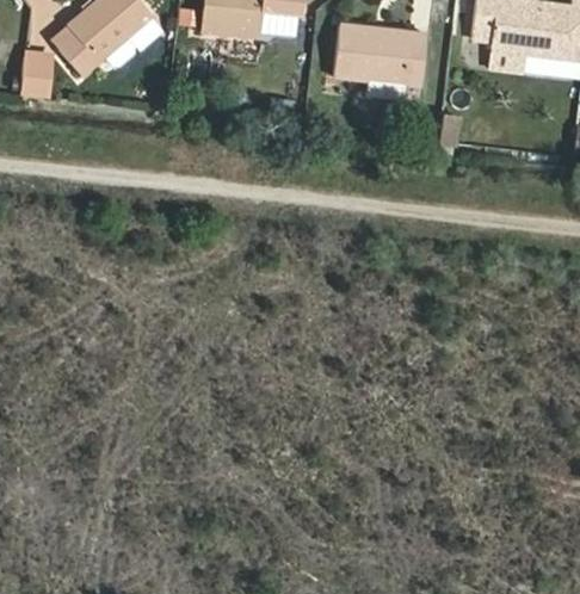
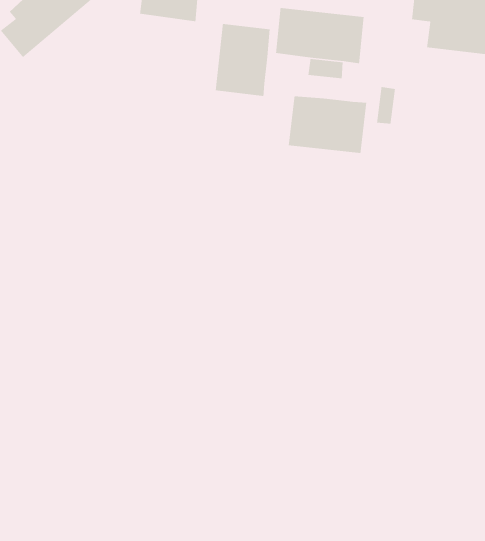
building: none -> [215,23,271,97]
building: none -> [288,96,367,154]

